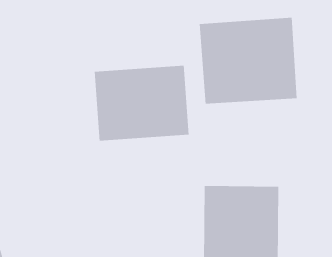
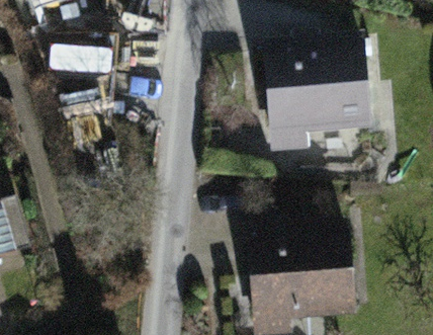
building: [94,65,189,142] -> none

